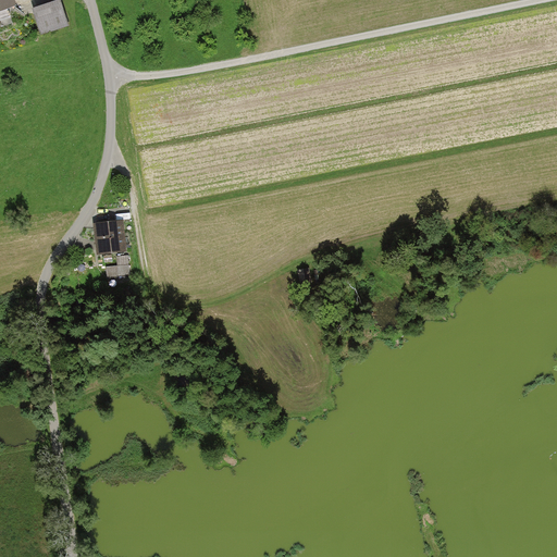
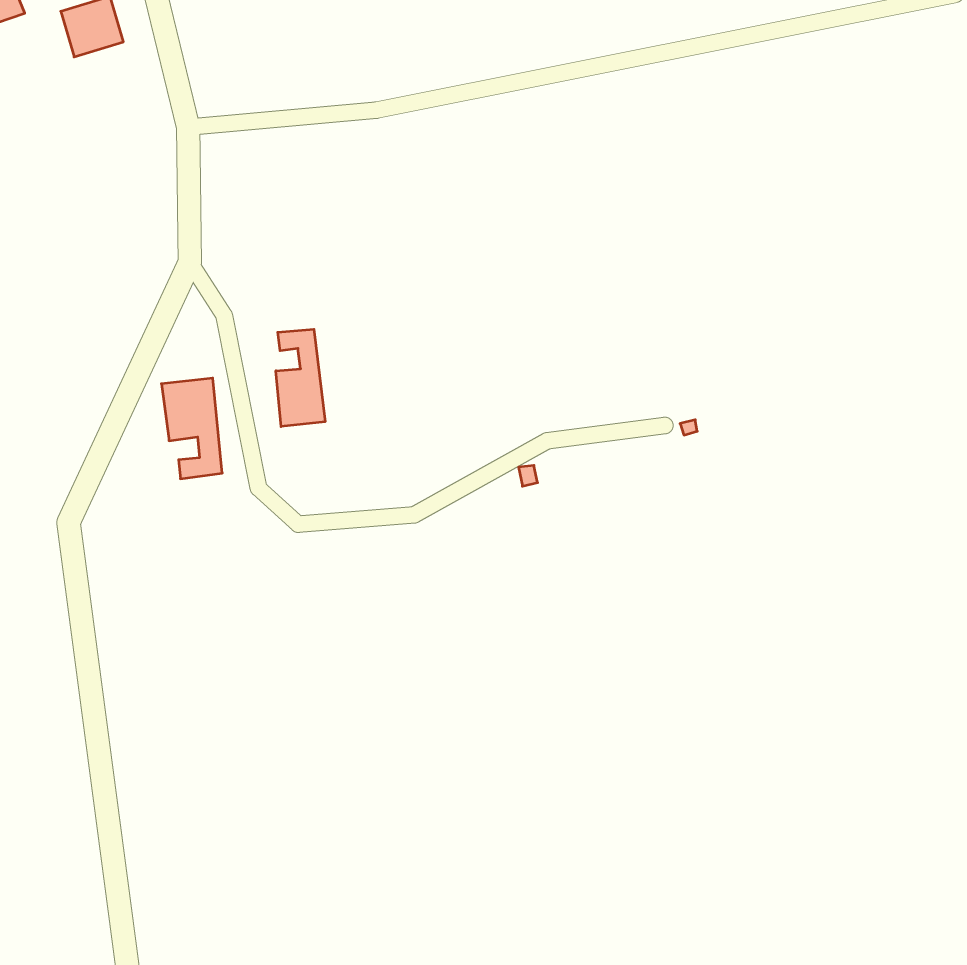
building: none -> [276,329,325,427]

